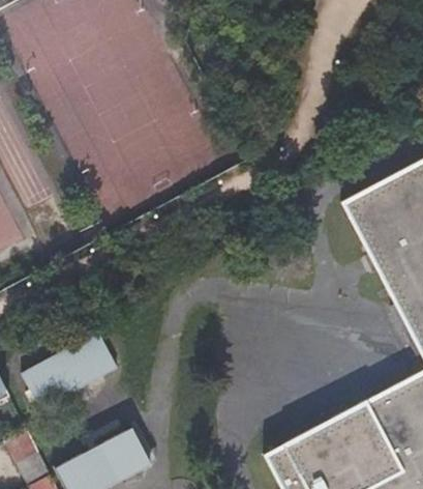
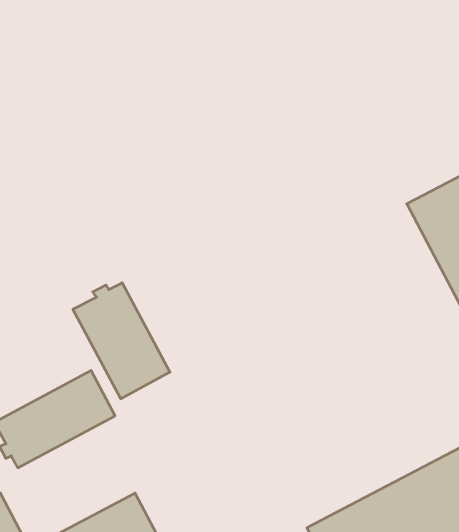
building: none -> [73,283,170,399]

